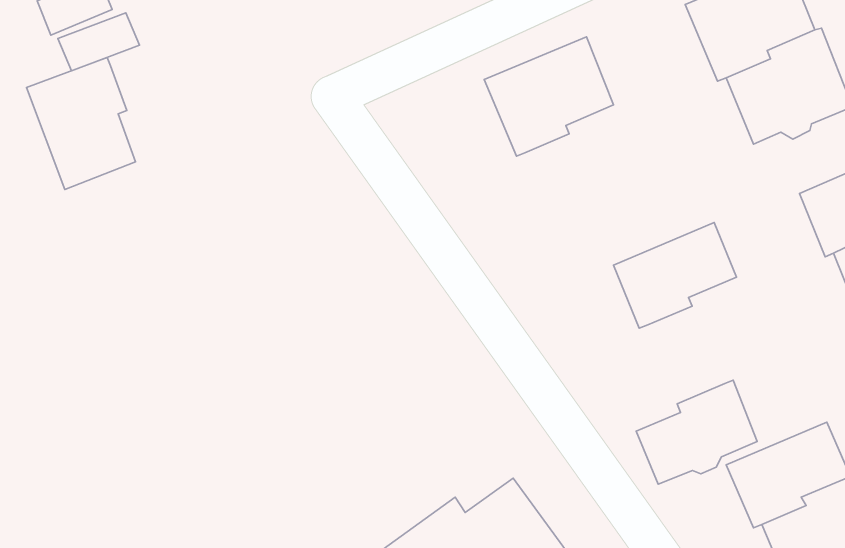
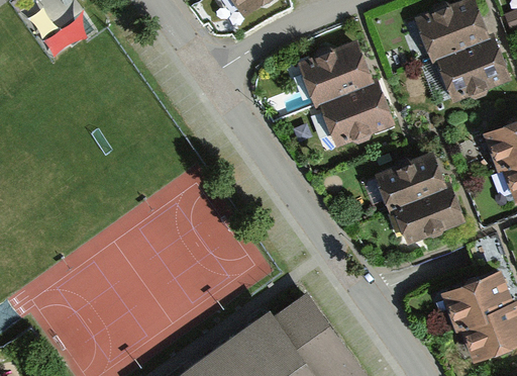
building: [27,58,136,189] -> none
building: none -> [319,78,395,147]
building: [636,380,757,484] -> [392,179,463,241]

